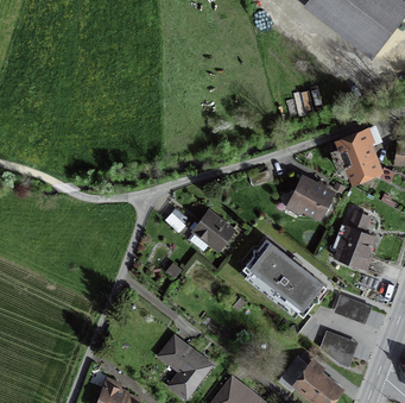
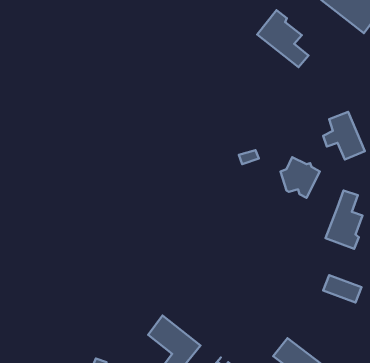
building: none -> [257,10,308,67]
building: [195,213,233,250] -> none
building: [246,240,327,313] -> none
building: [324,332,359,364] -> none

